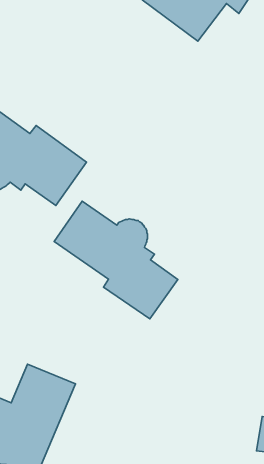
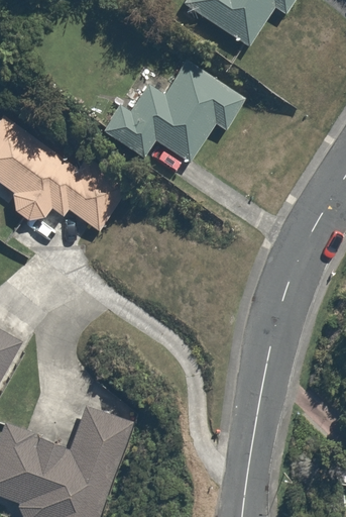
building: none -> [112,56,251,165]
building: [54,201,178,319] -> none

